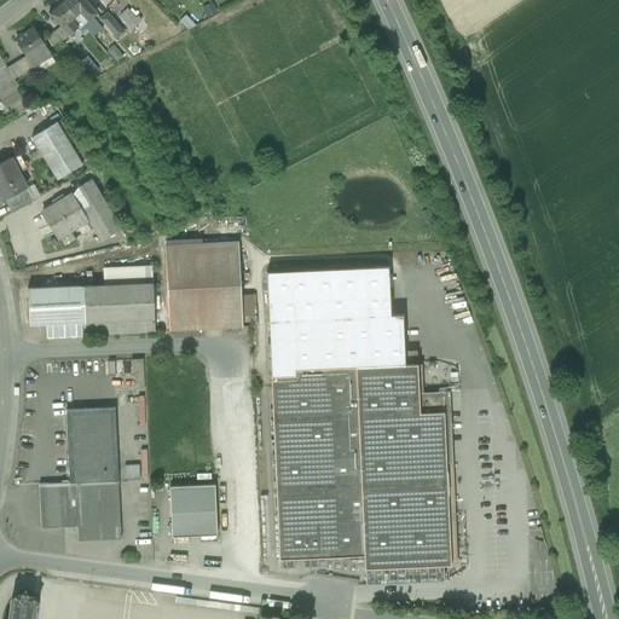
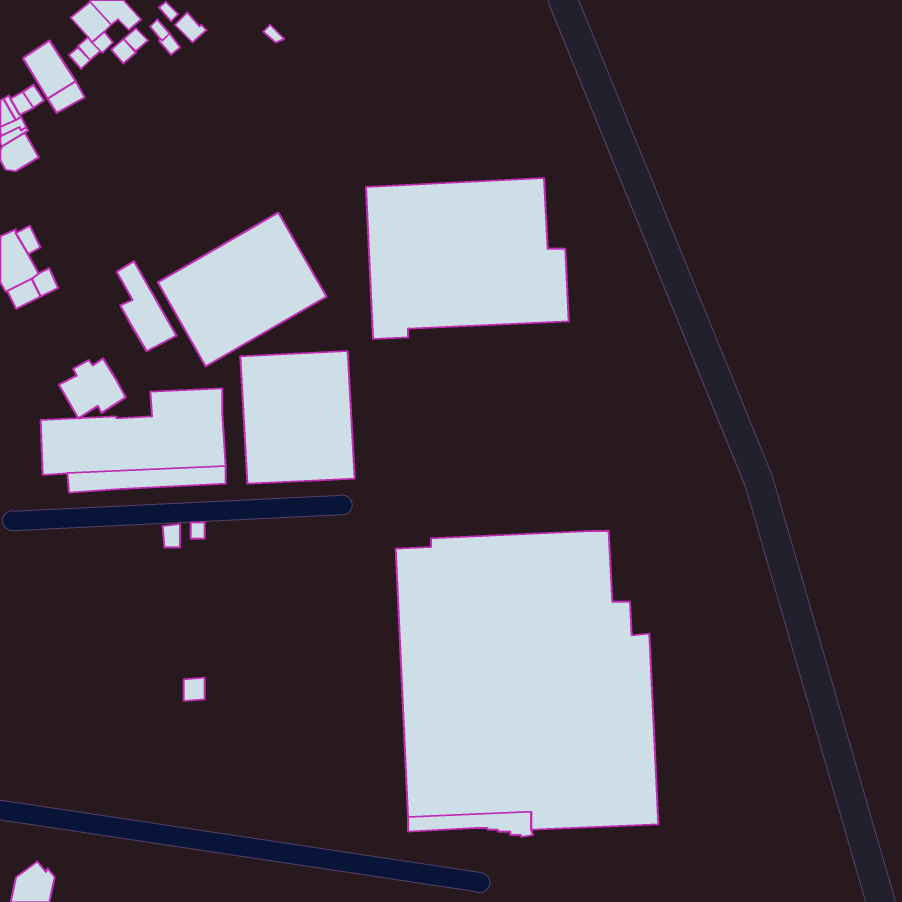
building: [31,122,82,179] -> none
building: none -> [158,213,326,366]
building: [42,193,88,235] -> [59,358,126,418]
building: [266,266,405,376] -> [366,178,569,339]
building: [39,407,121,540] -> none
building: [169,485,218,537] -> none

